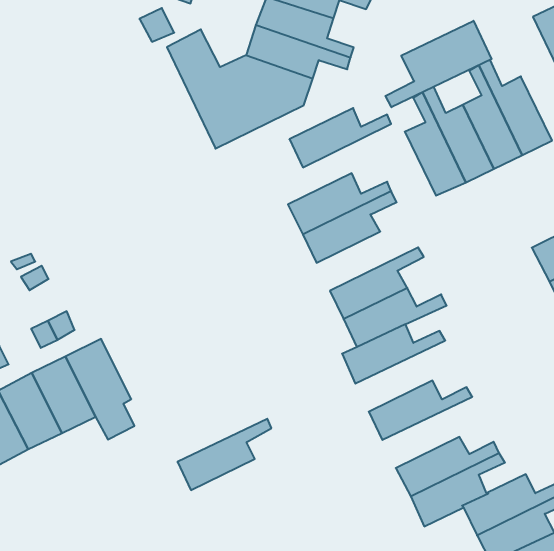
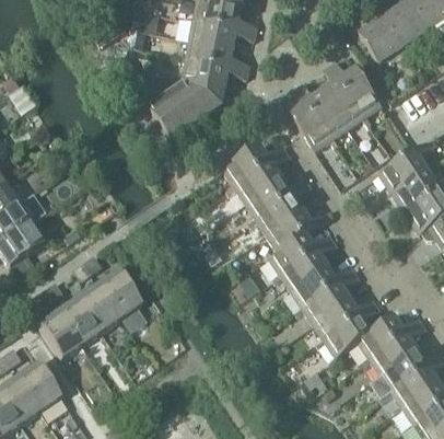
building: [385,21,492,107] -> none
building: [289,108,391,167] -> [246,176,308,218]
building: none -> [303,272,359,323]
building: [177,419,271,490] -> [281,239,337,290]

